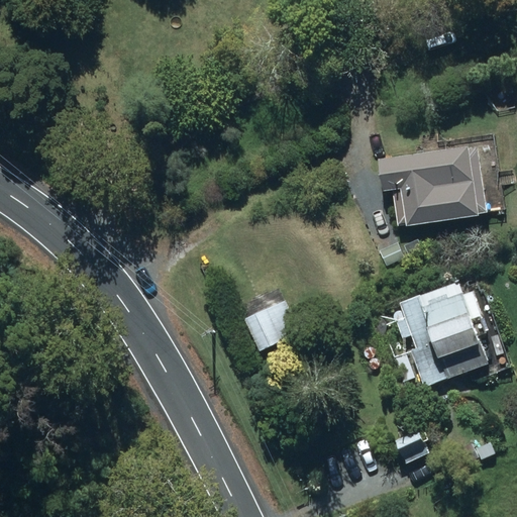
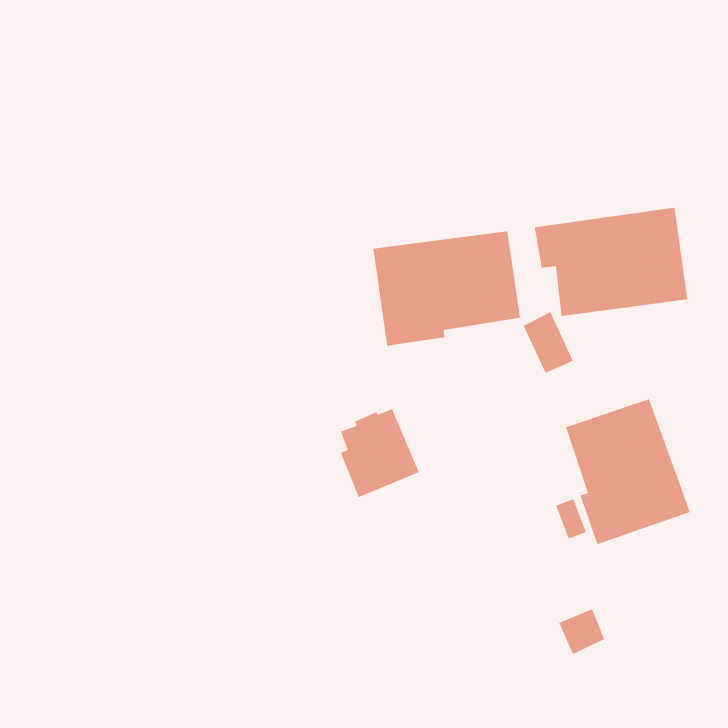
building: none -> [373,230,521,347]

